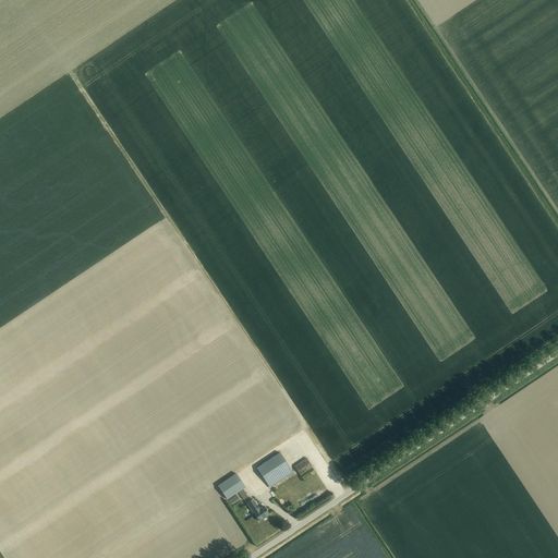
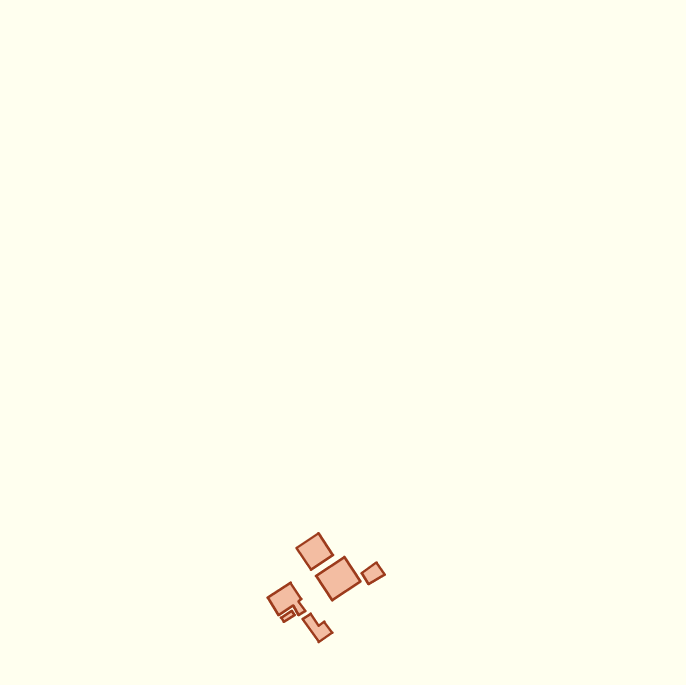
building: none -> [297,533,333,570]

